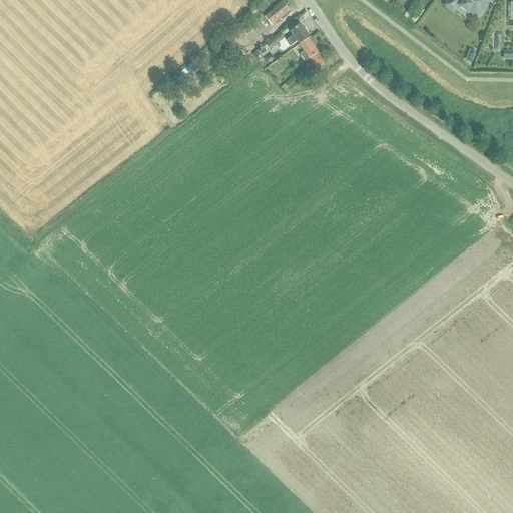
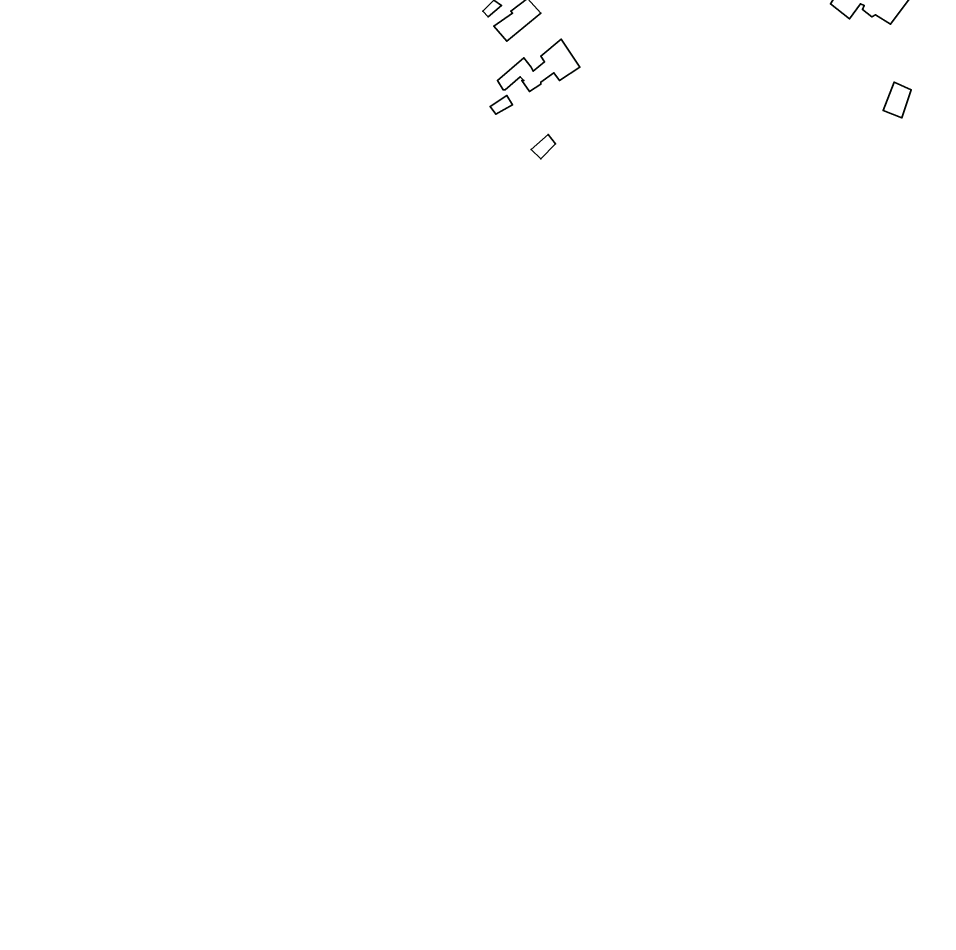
building: [300,36,325,69] -> none

